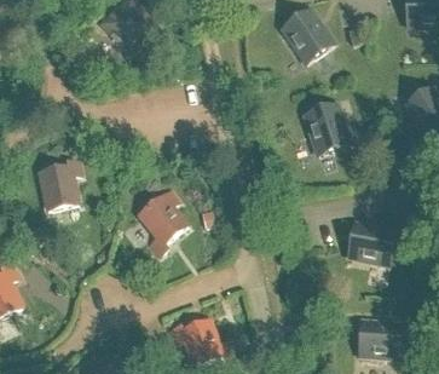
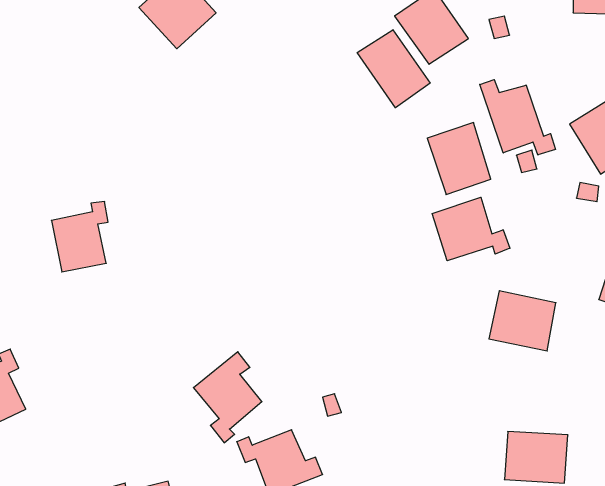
building: none -> [357,30,430,108]
building: none -> [480,80,556,155]
building: none -> [432,197,510,261]
building: [138,189,186,253] -> [193,352,262,443]

